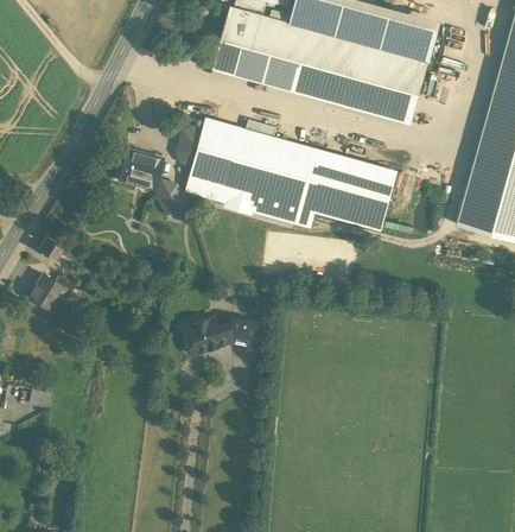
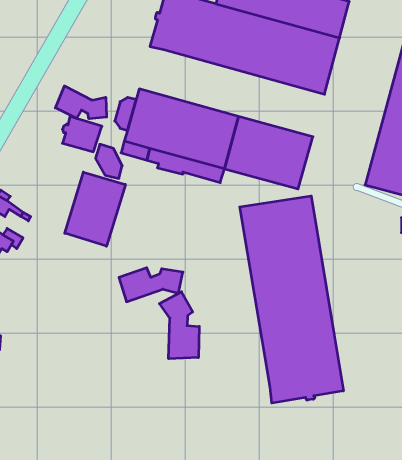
building: none -> [55,86,107,119]
building: none -> [65,172,125,246]
building: none -> [240,196,343,403]
building: none -> [159,292,199,359]

